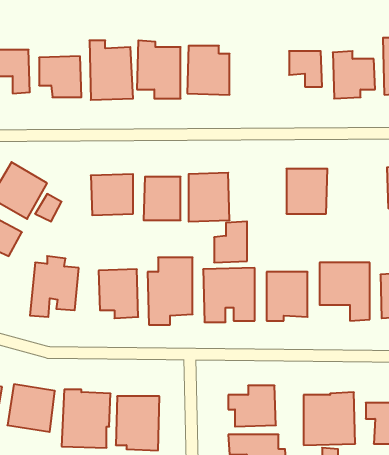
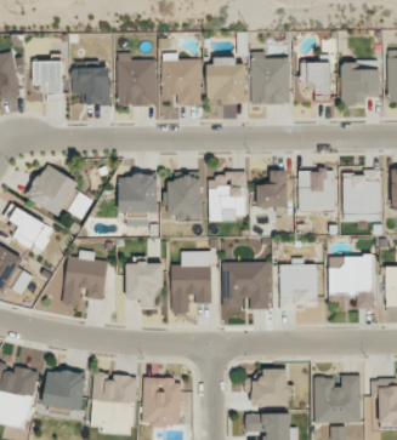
building: none -> [250,51,289,104]
building: none -> [342,168,380,222]
building: [214,221,247,262] -> [256,170,287,207]

